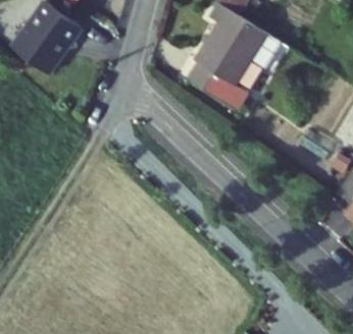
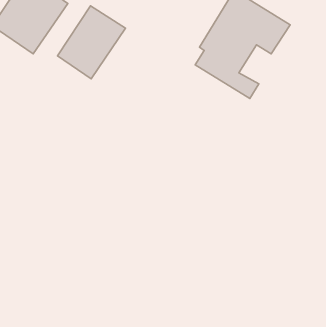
building: none -> [57,6,125,79]

